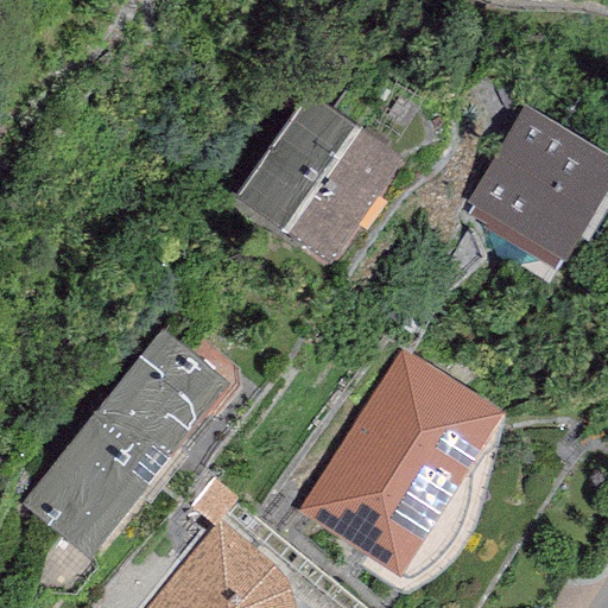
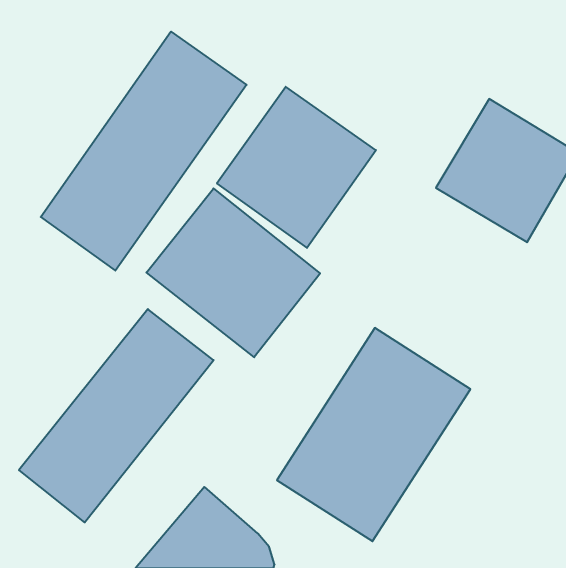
building: none -> [41,32,247,271]
building: none -> [146,188,320,357]

